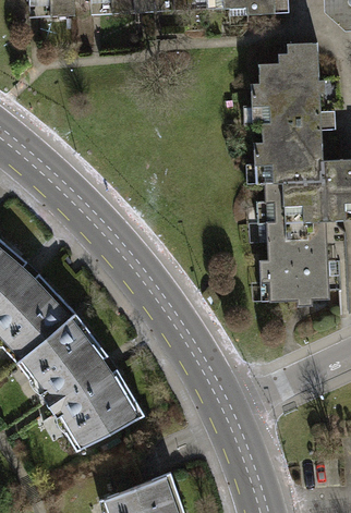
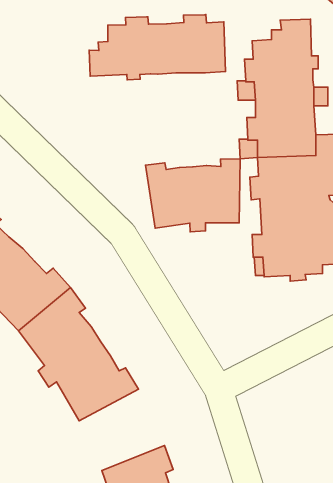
building: none -> [89,15,226,80]
building: none -> [145,159,240,232]

